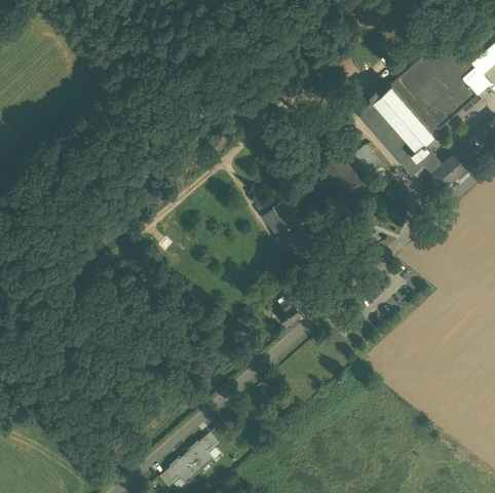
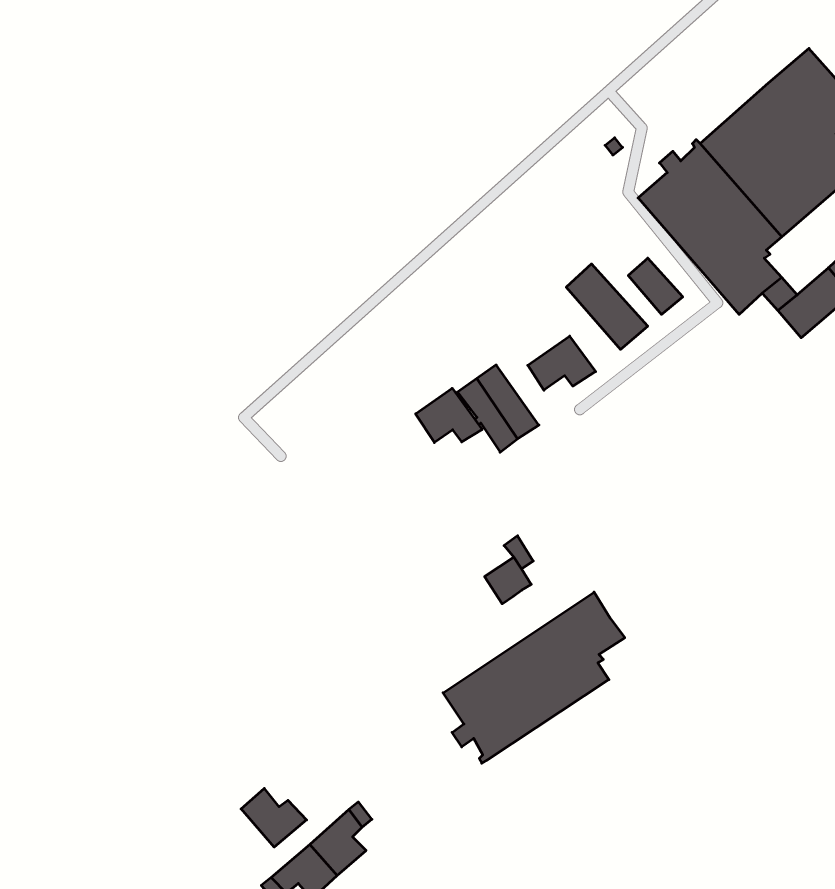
building: none -> [528,336,596,390]
building: none -> [416,388,482,443]
building: none -> [443,592,625,763]
building: none -> [241,788,307,847]

